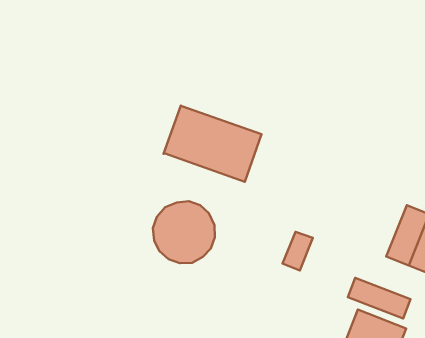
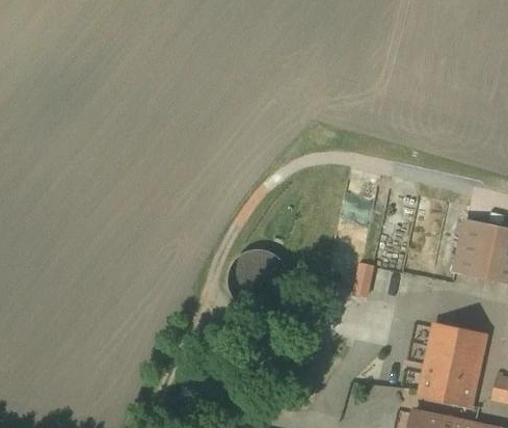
building: [163,106,262,182] -> none
building: [348,278,410,319] -> none

